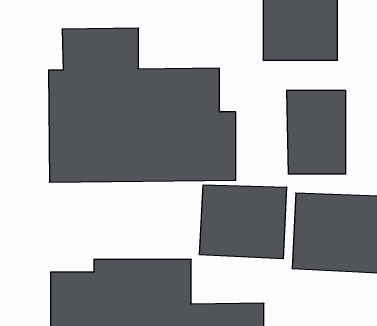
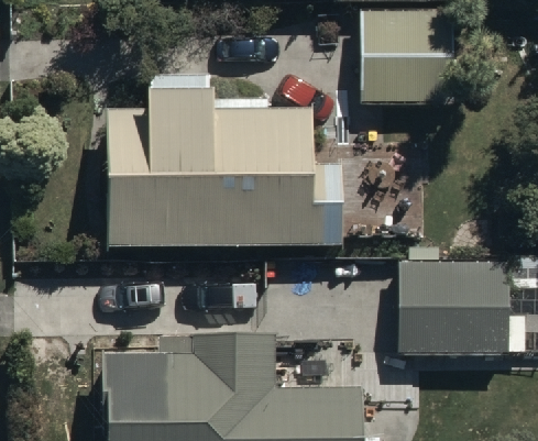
building: [287,90,345,174] -> none
building: [200,185,287,259] -> none

